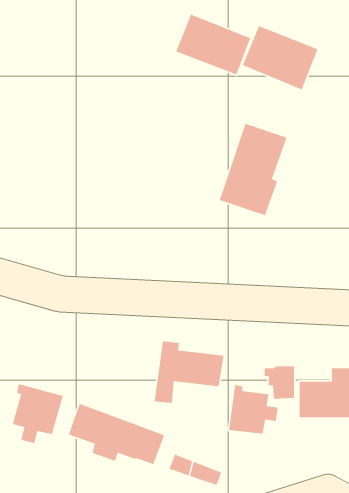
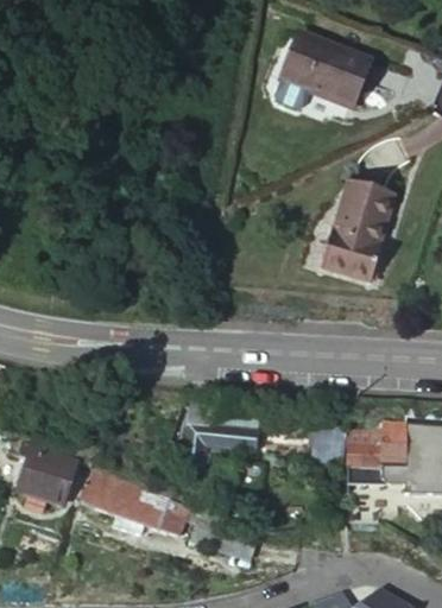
building: [175,13,251,76] -> none
building: [219,123,287,216] -> [317,177,396,284]
building: [228,384,278,435] -> none

